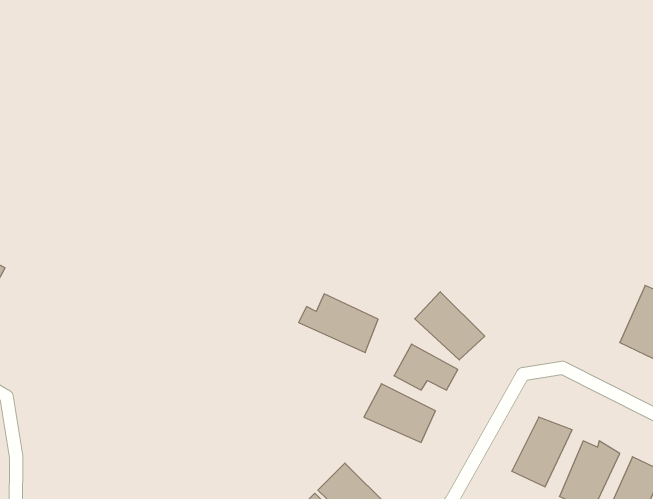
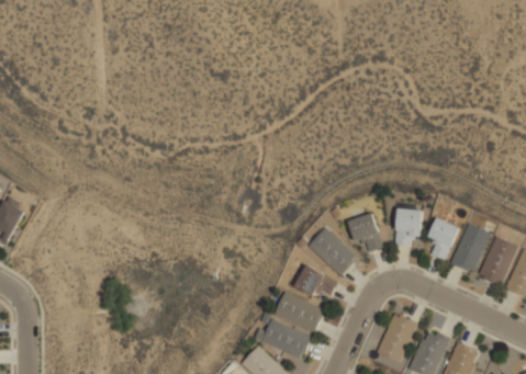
building: none -> [393,207,422,246]
building: none -> [347,212,382,252]
building: none -> [427,216,458,260]
building: [299,294,378,353] -> [254,318,309,359]

